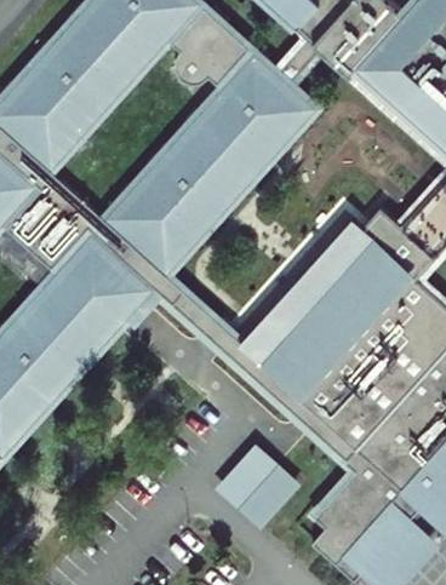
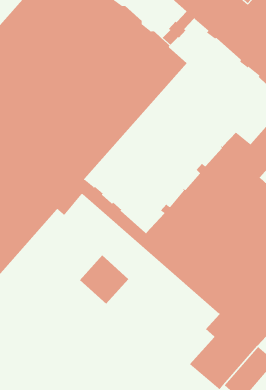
building: [227,446,298,517] -> [79,255,129,305]

